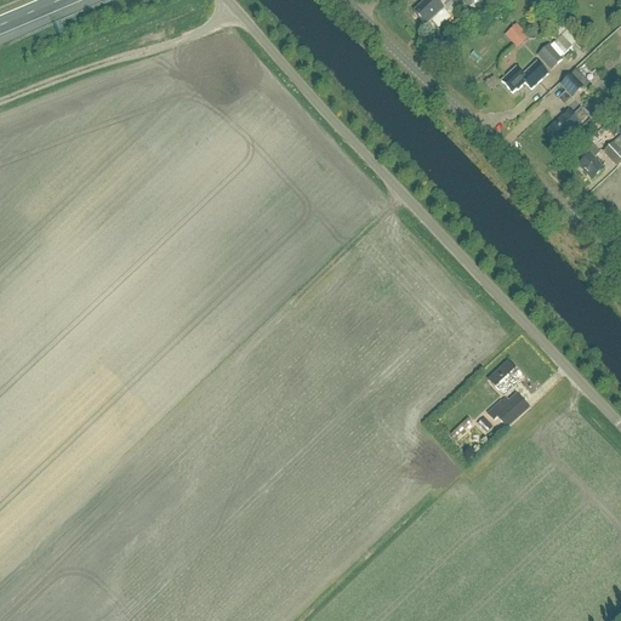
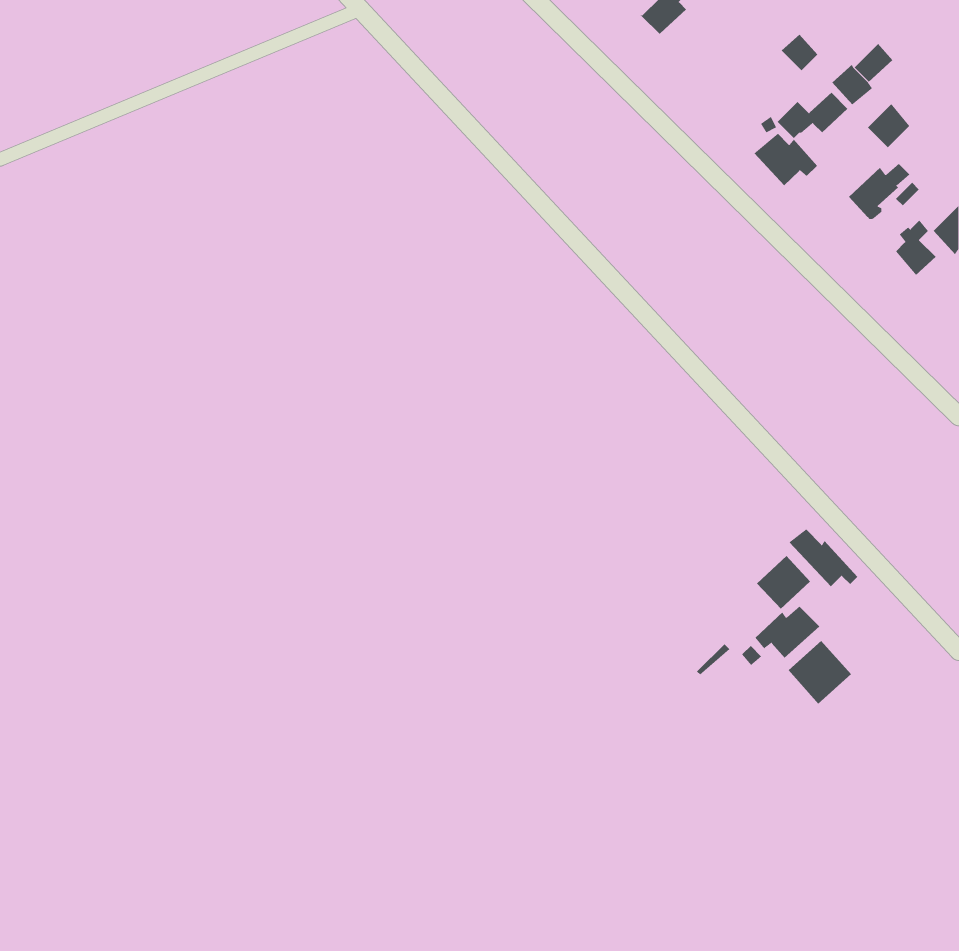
building: none -> [754,133,818,186]
building: none -> [789,529,858,587]
building: none -> [788,640,852,704]

